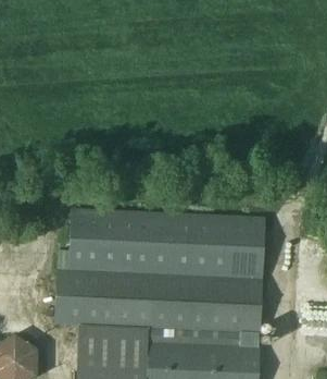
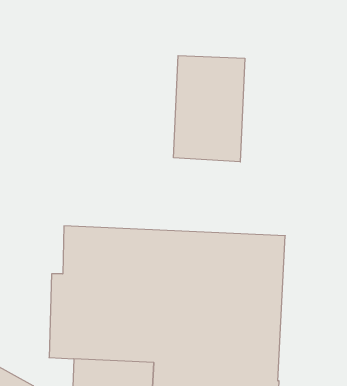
building: none -> [174,56,245,162]

